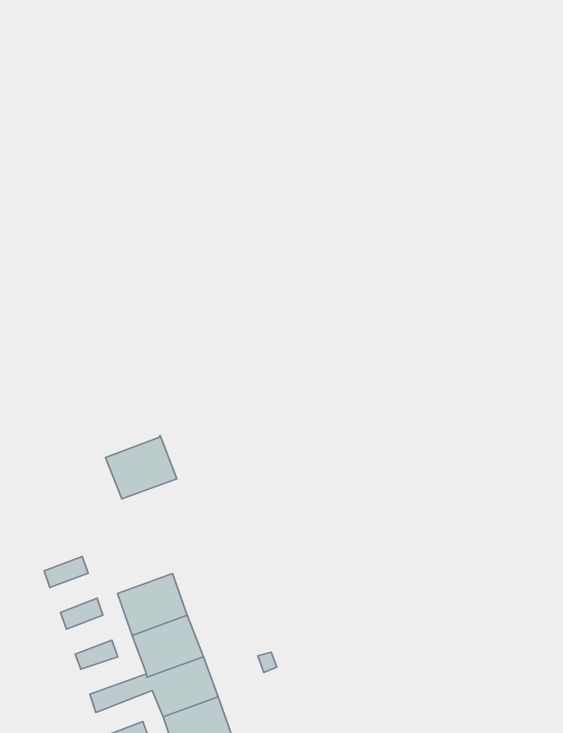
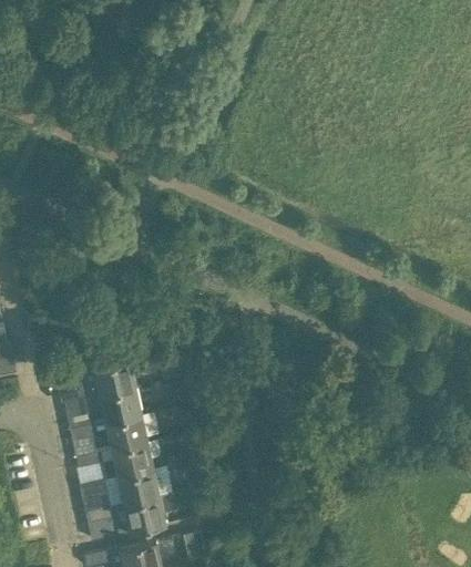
building: [106,435,177,499] -> [95,362,139,399]

